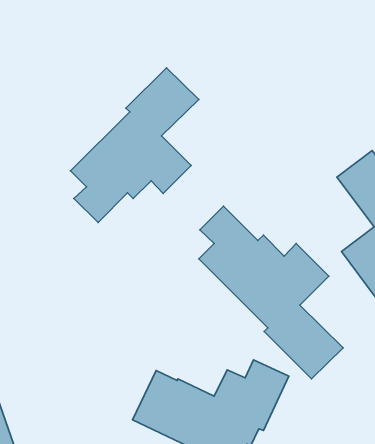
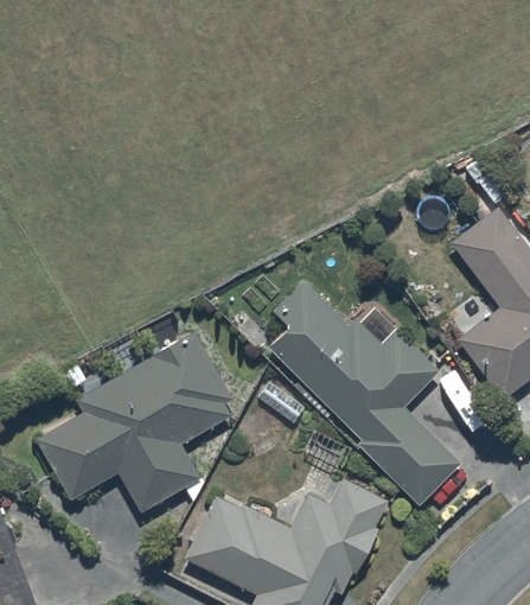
building: [71,68,199,223] -> none
building: none -> [36,332,232,514]

